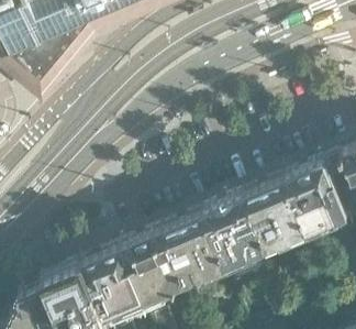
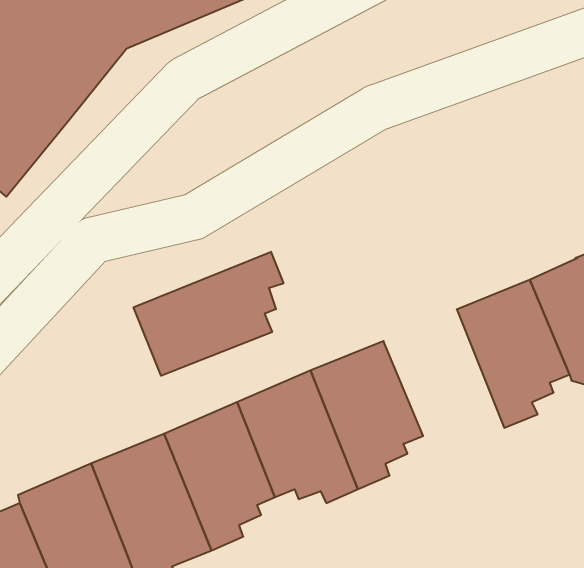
building: none -> [134,252,283,376]
building: [243,178,310,252] -> none

